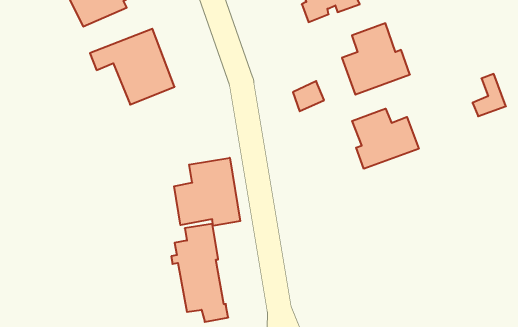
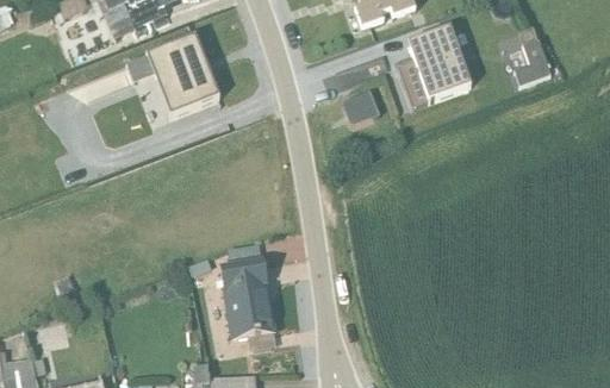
building: [472,74,506,116] -> [515,38,550,83]
building: [352,109,419,169] -> none
building: [174,158,240,226] -> none

